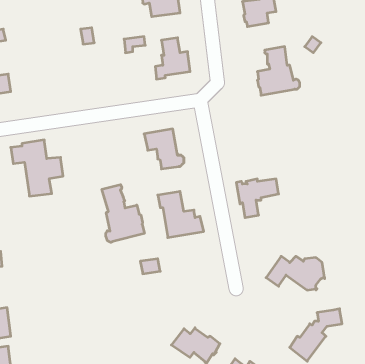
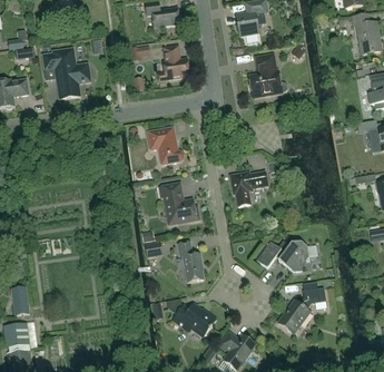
building: [11,140,63,196] -> [42,48,89,98]
building: [102,185,144,242] -> none
building: none -> [177,241,203,282]

